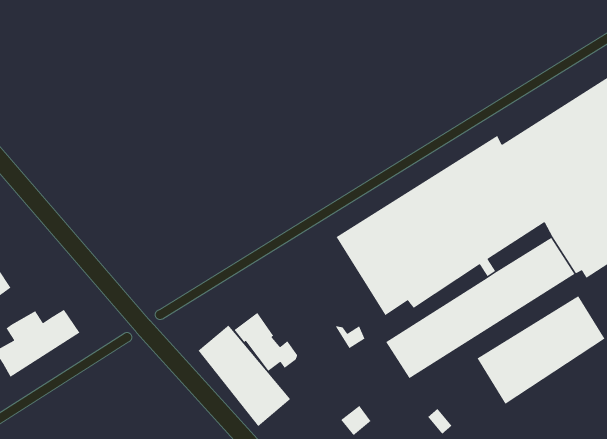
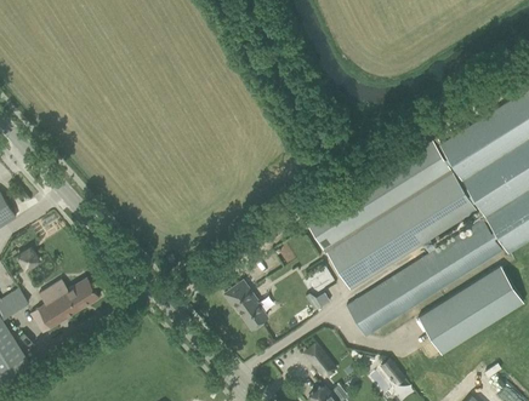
building: [197,325,291,427] -> none

